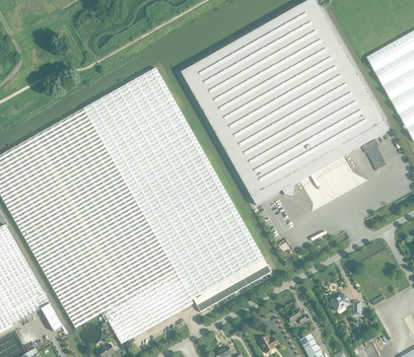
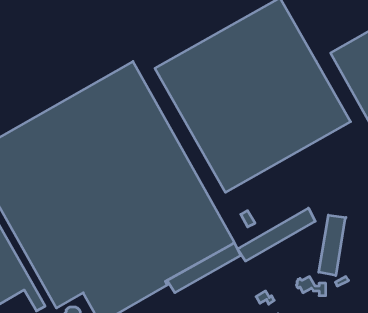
building: none -> [237,208,315,261]
building: none -> [319,215,346,276]

